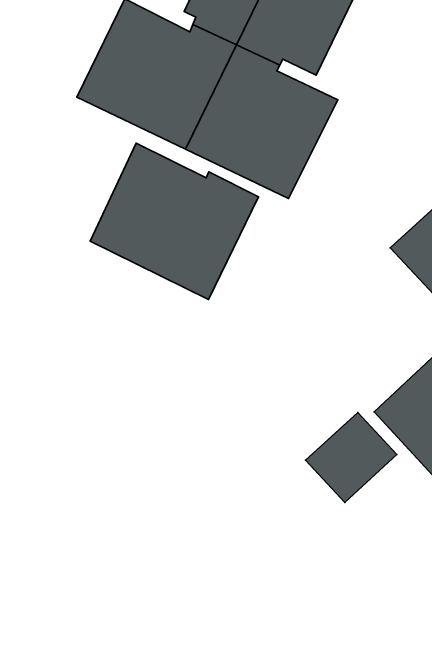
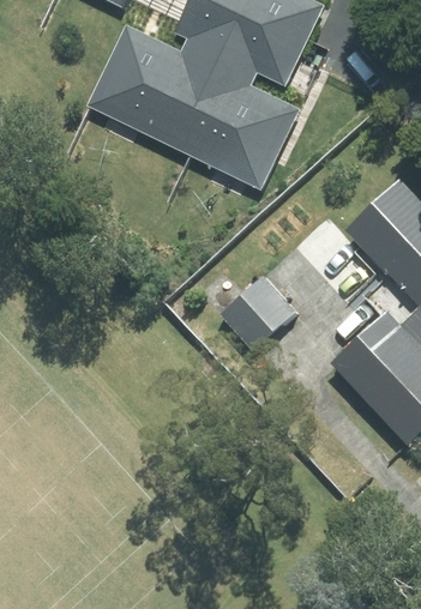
building: [90,143,258,300] -> none
building: [306,412,397,502] -> [219,276,295,350]

